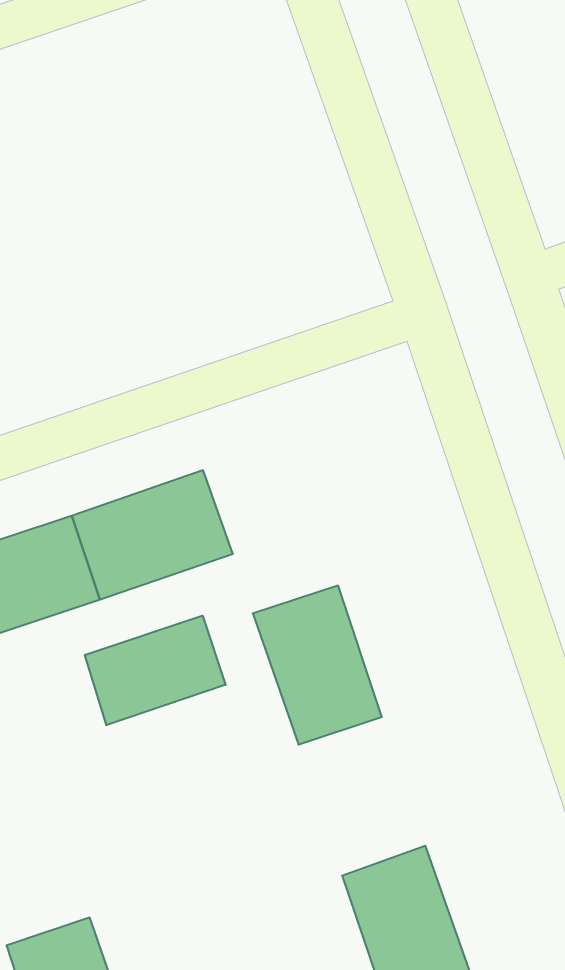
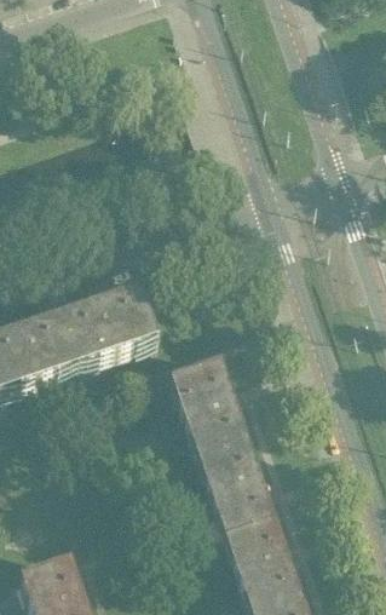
building: [85,616,226,725] -> none
building: none -> [200,437,277,534]

